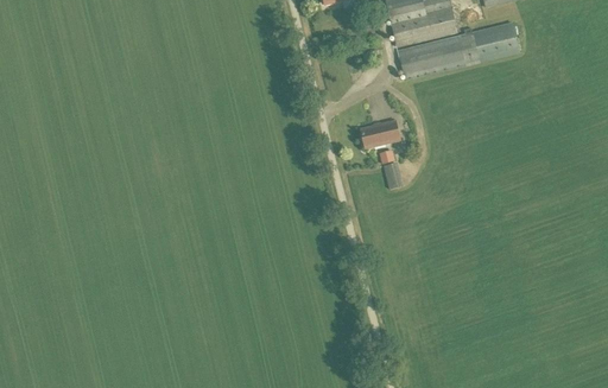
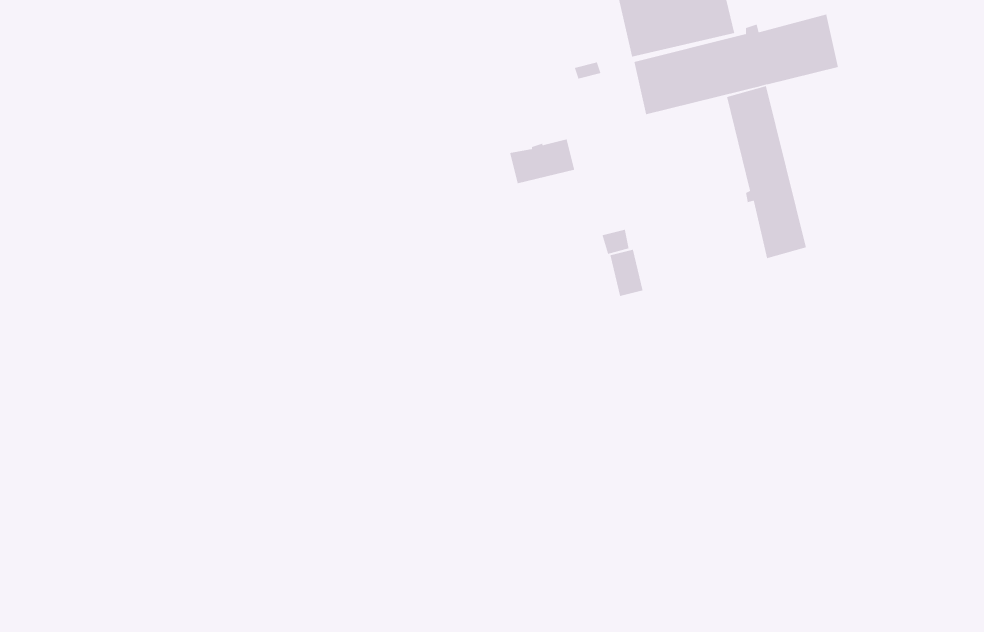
building: none -> [726,85,807,259]
building: [360,119,399,146] -> [509,138,575,184]

